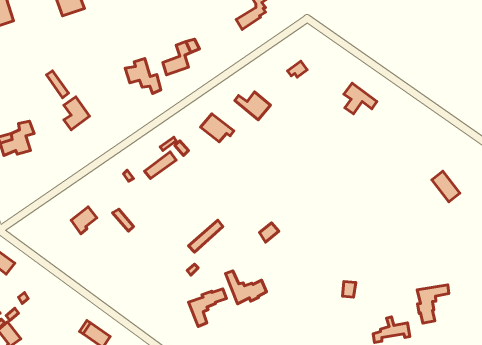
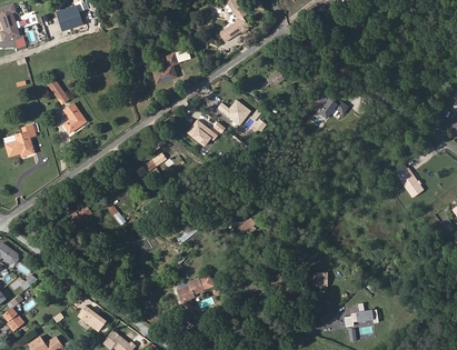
building: [125,58,161,93] -> none
building: [225,271,267,304] -> none
building: [417,285,449,323] -> none

